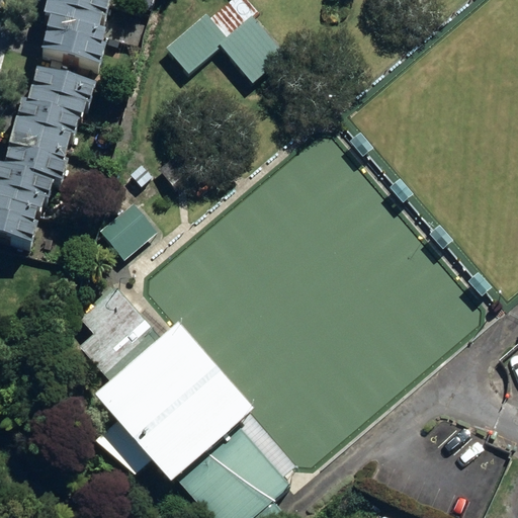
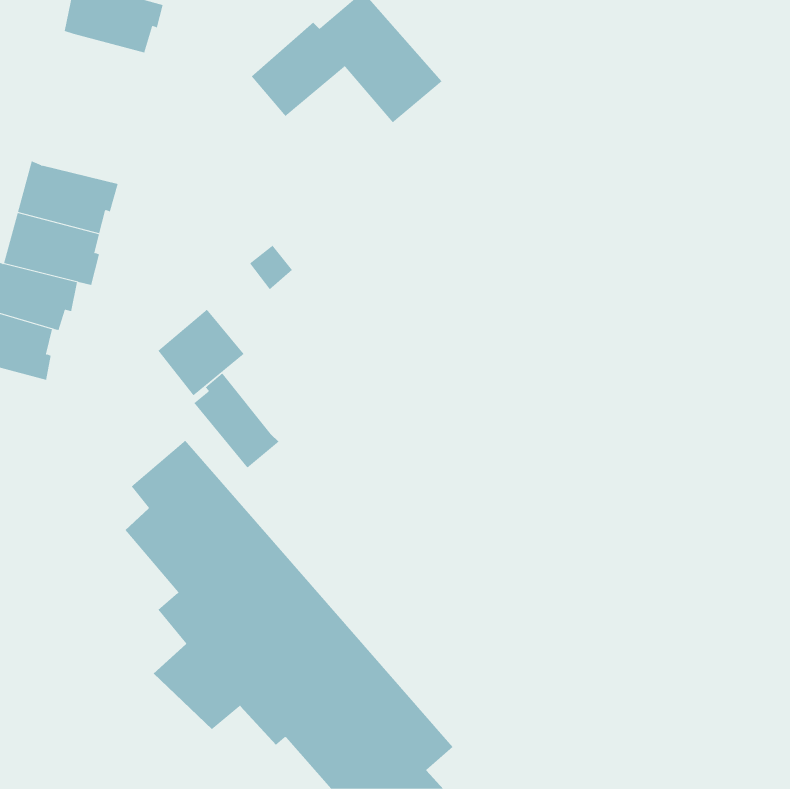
building: [39,22,101,69] -> none
building: [27,72,94,120] -> none
building: none -> [193,372,280,469]

